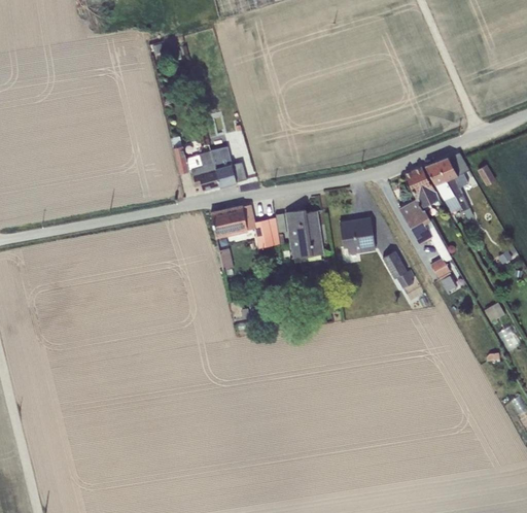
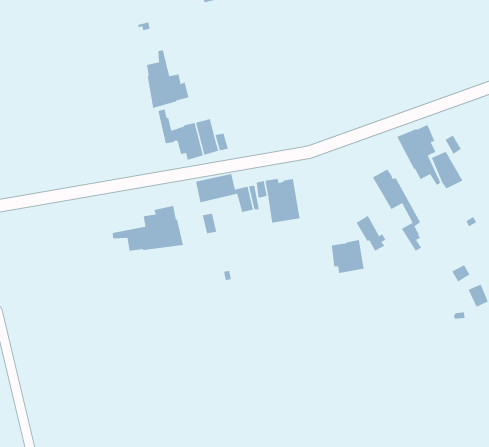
building: none -> [146,49,190,109]
building: [405,166,440,207] -> [431,151,464,190]
building: [340,217,376,254] -> [331,239,364,274]
building: none -> [112,205,184,251]

